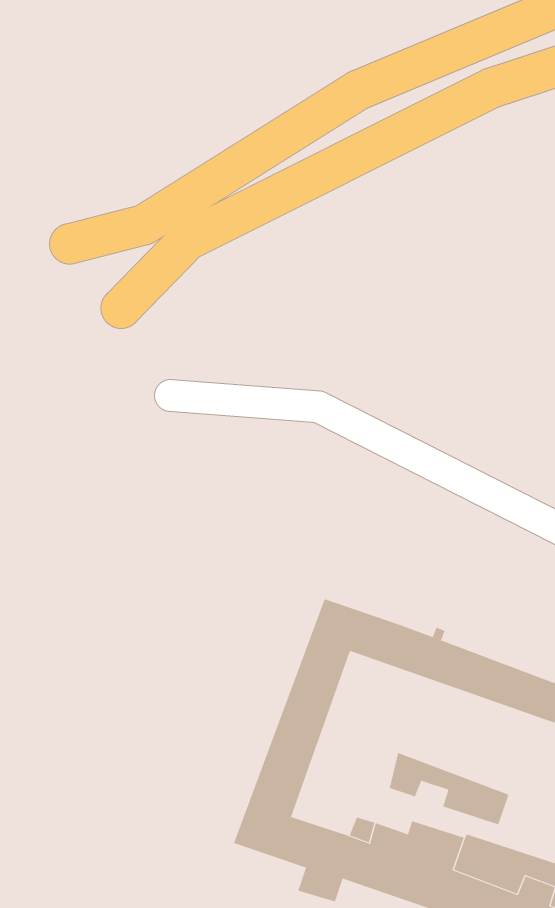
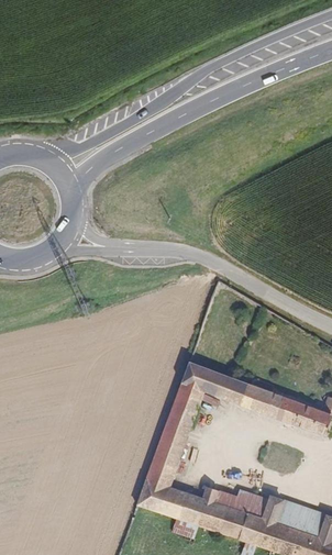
building: [389,752,509,825] -> none

